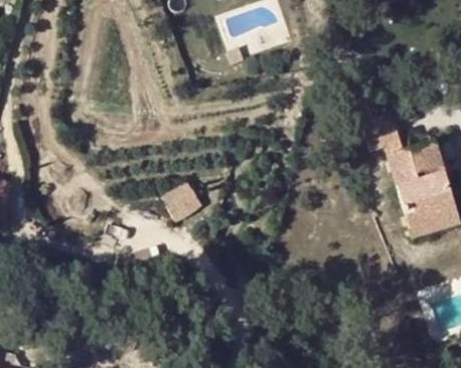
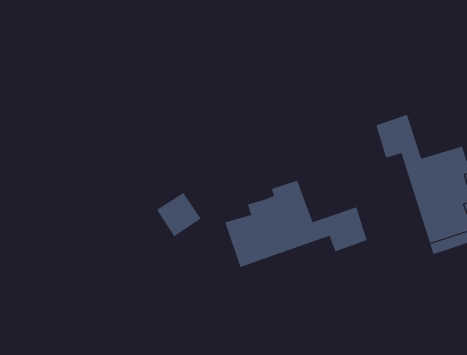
building: none -> [224,180,367,268]

